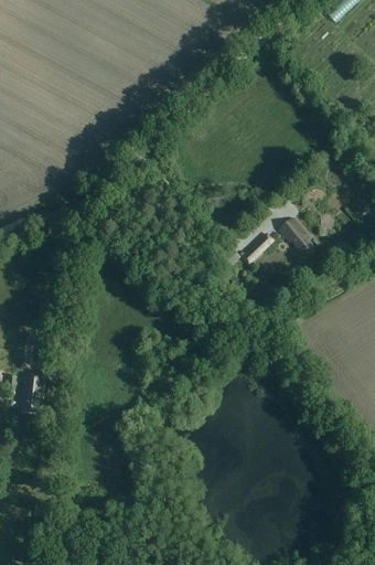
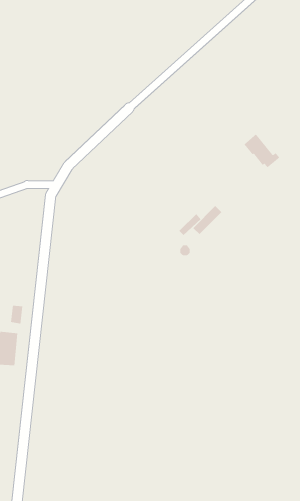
building: [278,215,319,254] -> [243,134,280,168]

